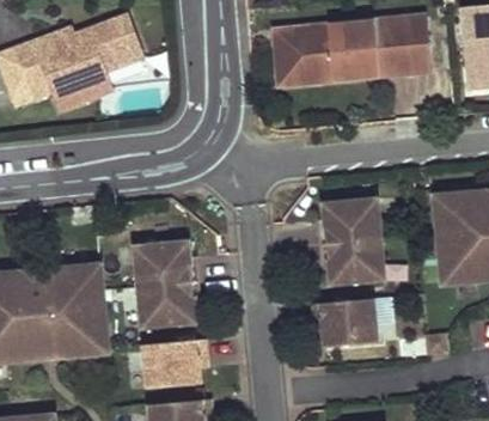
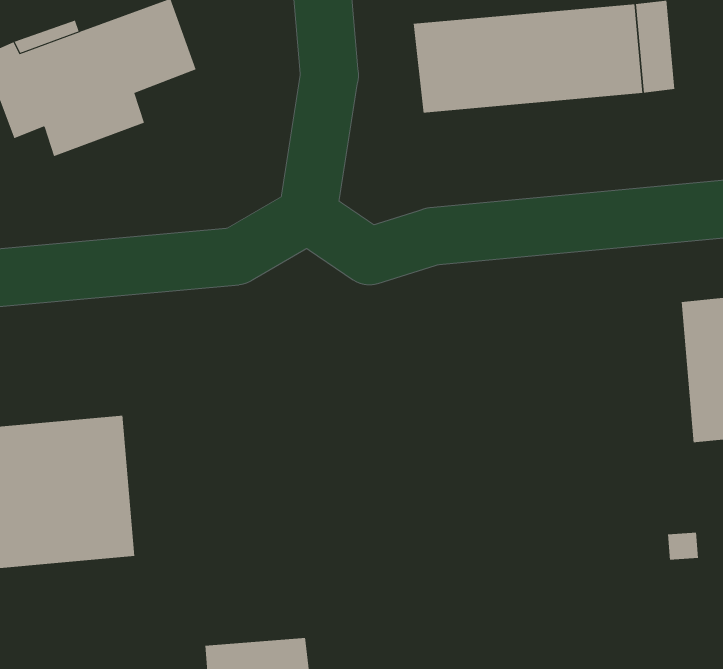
building: [319,199,384,283] -> none
building: [134,240,200,327] -> none
building: [312,299,378,347] -> none
building: [143,340,206,389] -> none

